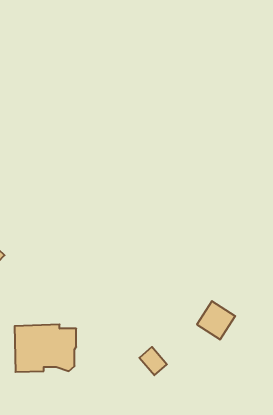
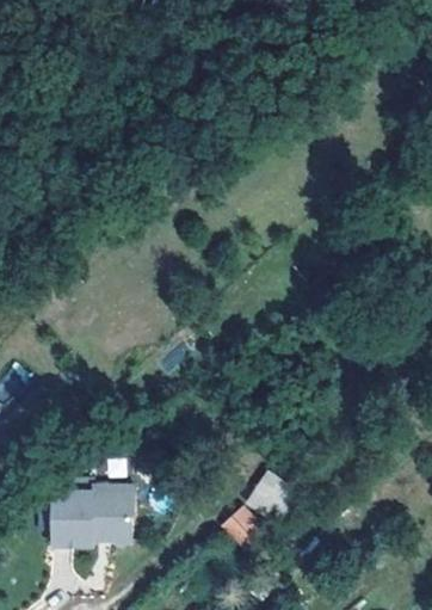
building: [197,301,235,339] -> [242,470,297,525]

